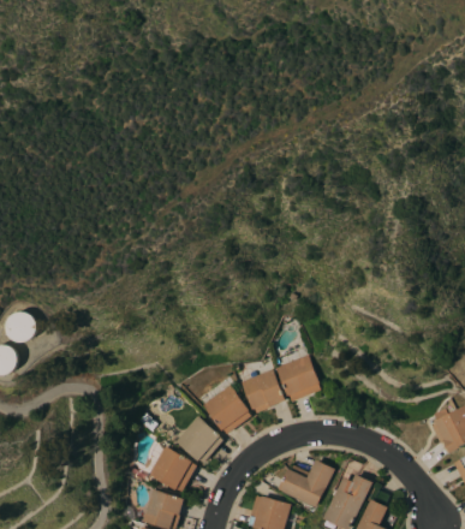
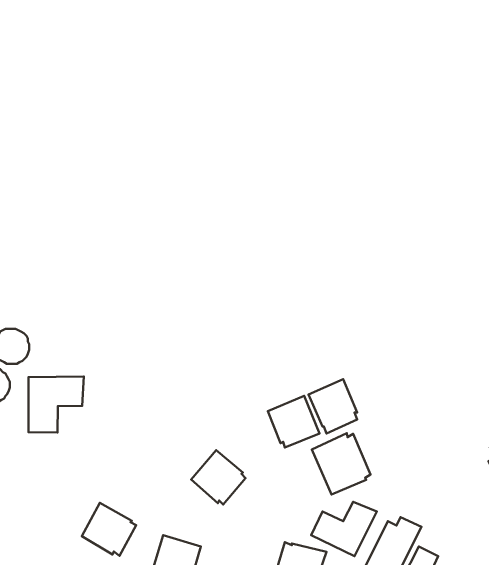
building: none -> [28,376,84,433]
building: [203,385,250,434] -> none
building: none -> [312,433,371,495]
building: [149,446,196,492] -> [82,503,136,556]

